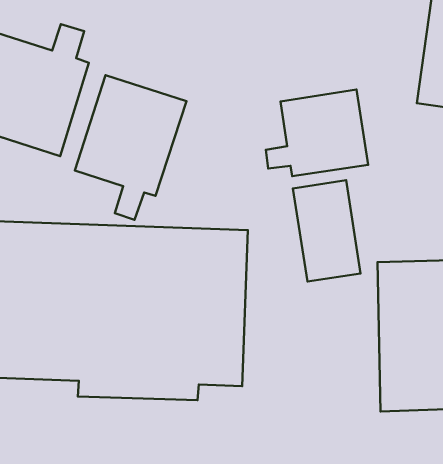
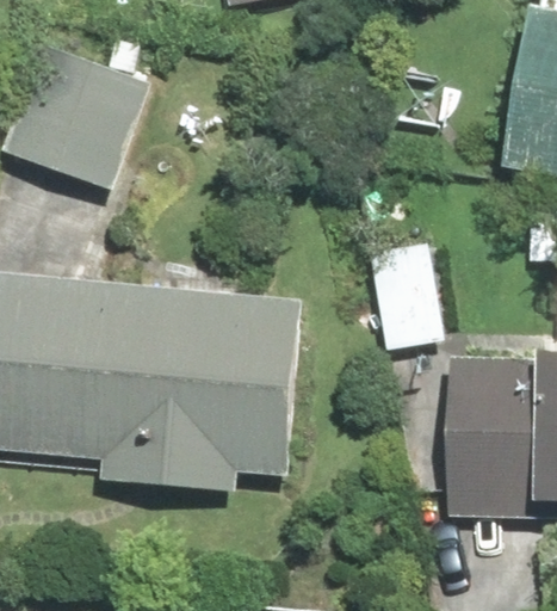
building: [75,75,186,220] -> none
building: [266,89,368,176] -> none

